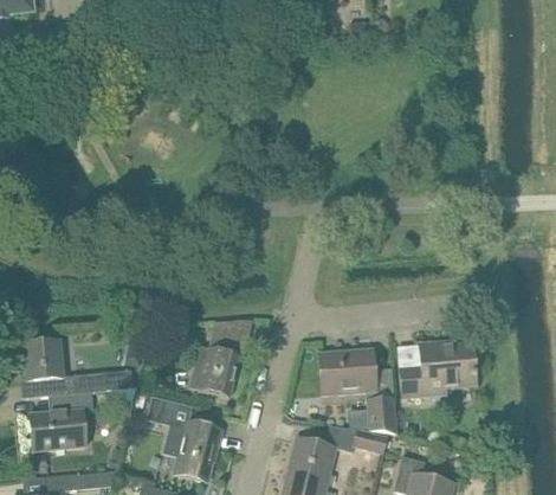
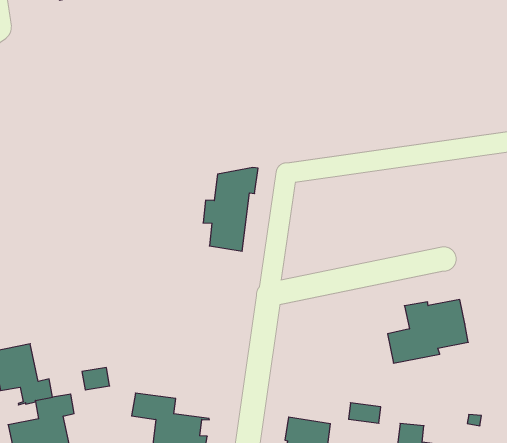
building: [195,319,253,397] -> [203,168,258,251]
building: [319,348,375,393] -> none
building: [367,396,396,432] -> none

